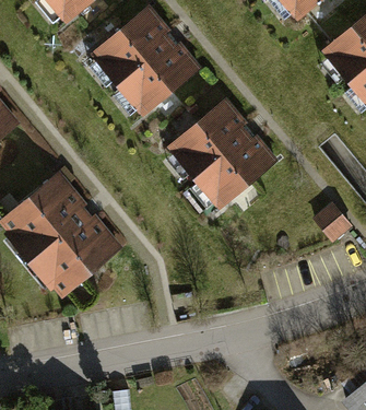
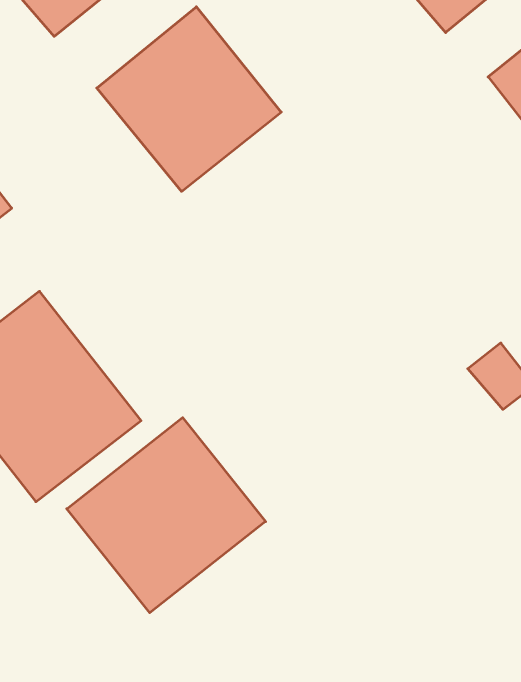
building: [165,99,275,211] -> none
building: none -> [67,418,266,613]

